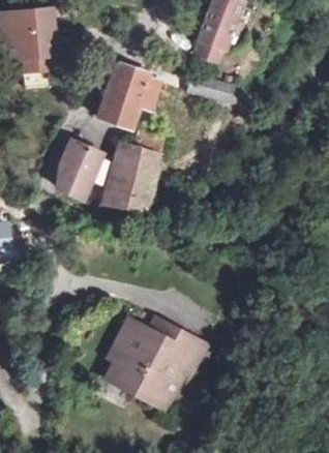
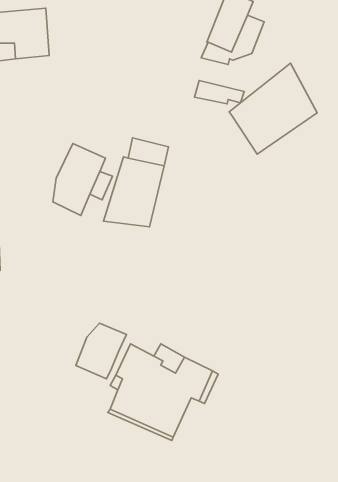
building: none -> [229,63,317,154]
building: [98,63,159,126] -> none
building: none -> [76,323,127,379]

